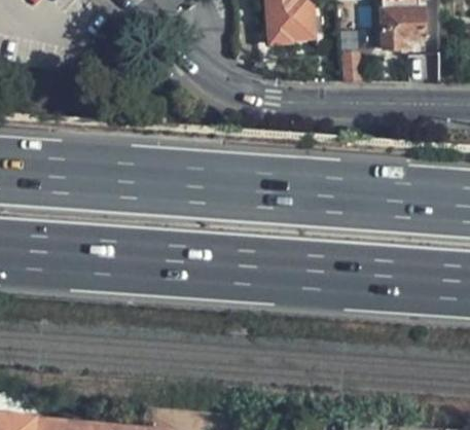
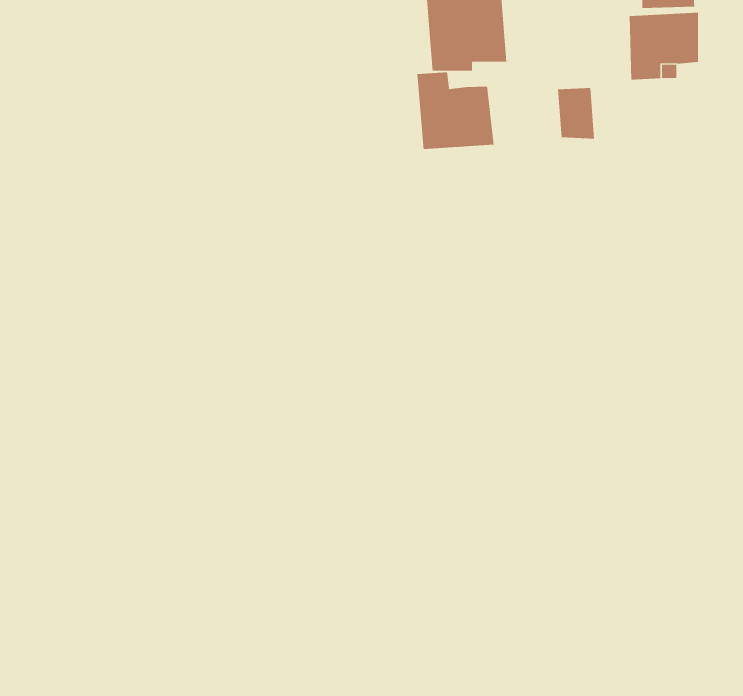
building: none -> [417,72,494,150]

